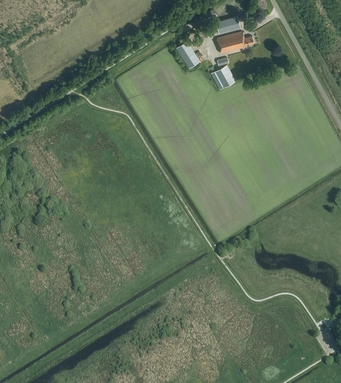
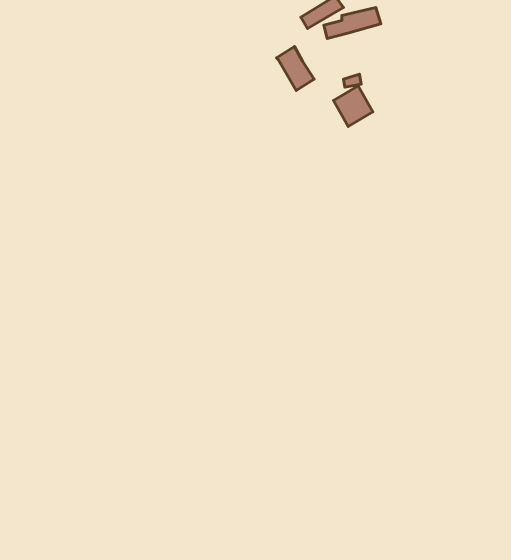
building: [217,31,254,53] -> none

